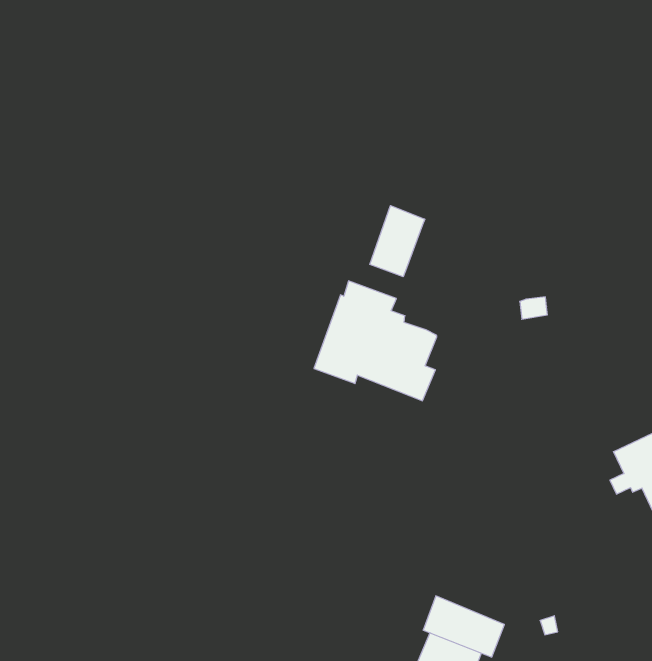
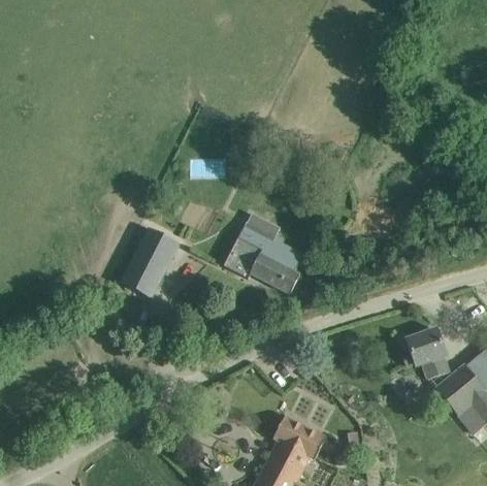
building: [370,206,425,277] -> none
building: none -> [121,228,178,298]

